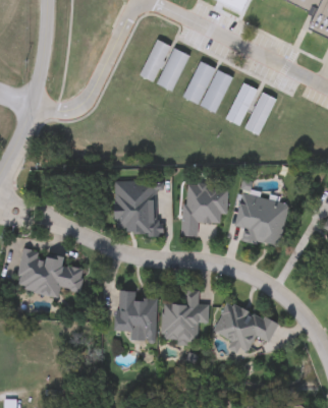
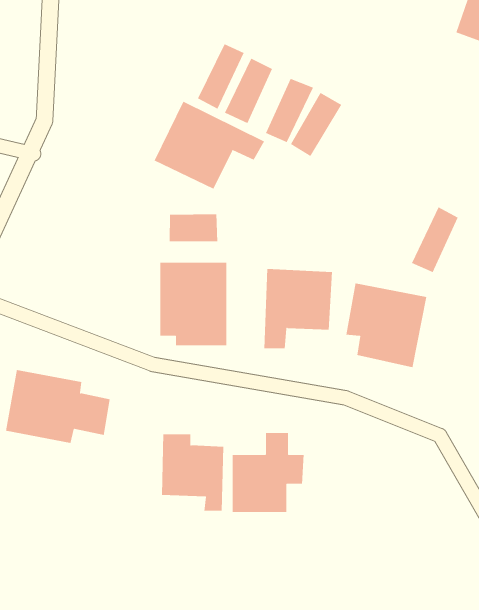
building: none -> [154,101,265,189]
building: [225,82,257,125] -> none
building: [244,92,275,134] -> [411,207,459,273]
building: none -> [169,213,218,242]
building: [213,301,277,354] -> none

